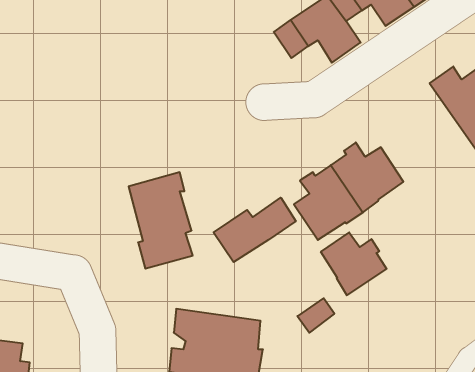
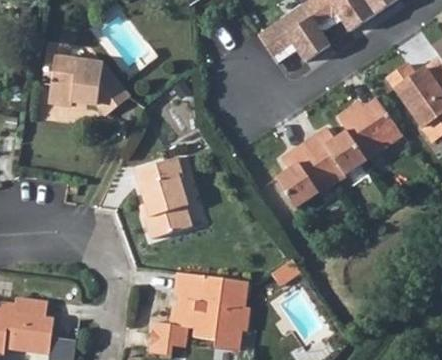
building: none -> [47,54,129,114]
building: none -> [337,100,403,163]
building: [214,198,296,262] -> none
building: [321,232,387,295] -> none

